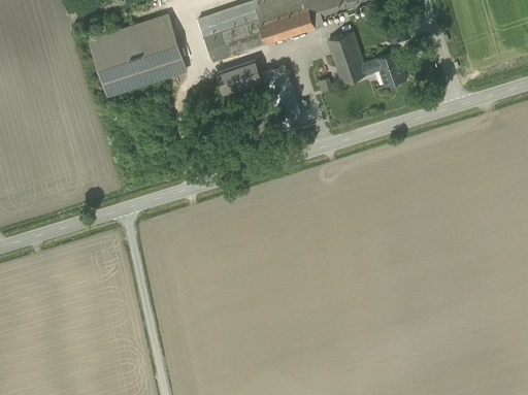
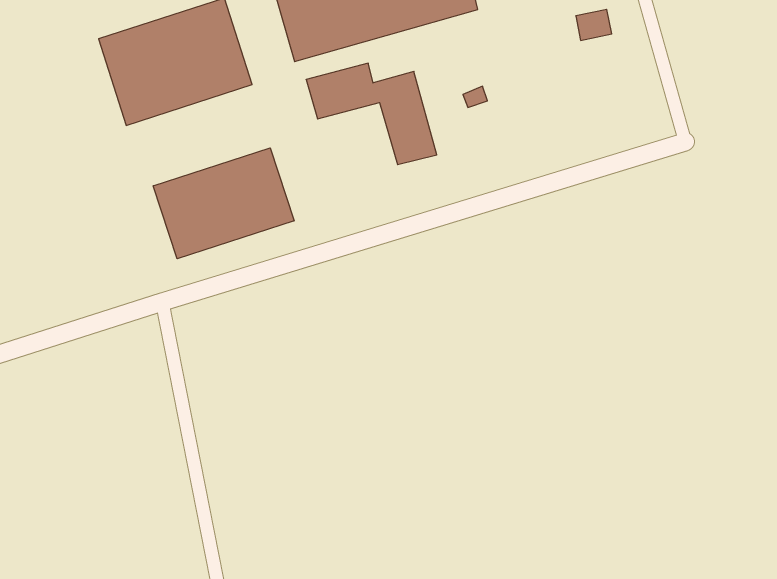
building: [326,33,408,89] -> none
building: none -> [153,148,294,259]

